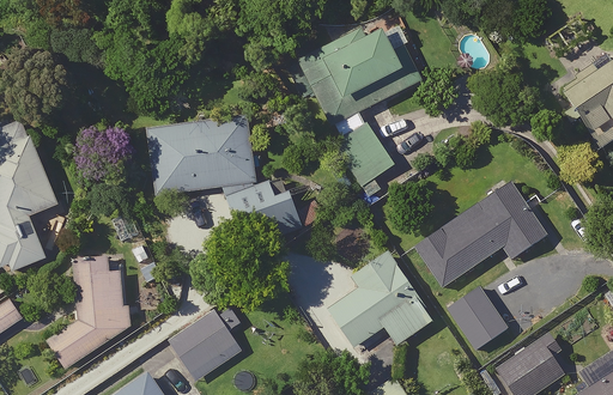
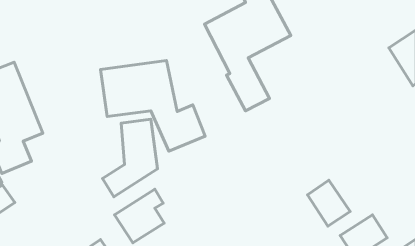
building: [417,184,550,288] -> none
building: [327,253,433,348] -> none
building: [48,254,128,366] -> [102,119,158,197]

